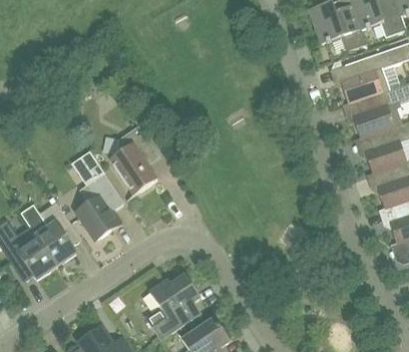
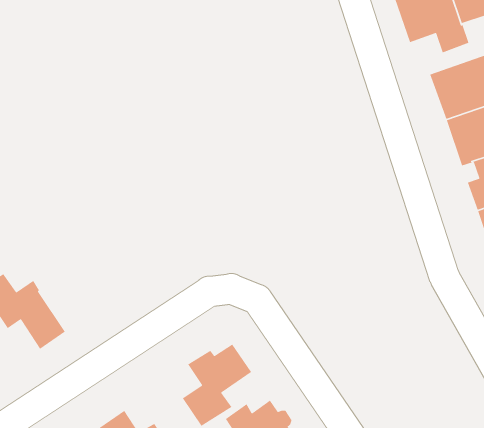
building: [113,125,157,192] -> none
building: [72,151,124,241] -> none
building: [35,202,76,267] -> none

